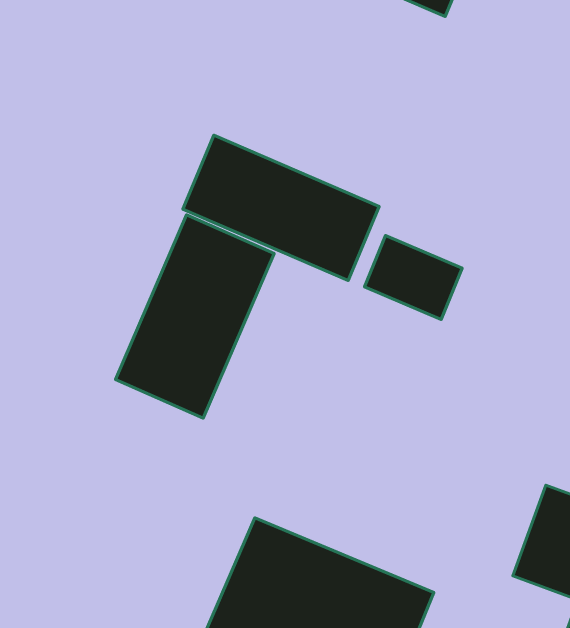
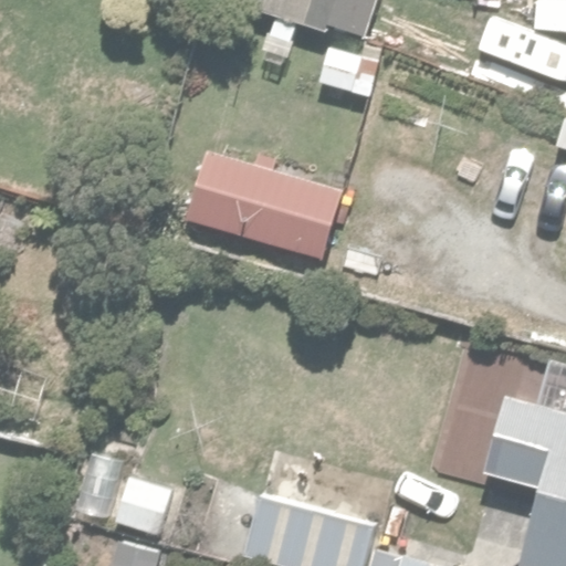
building: [116,215,274,418] -> none

